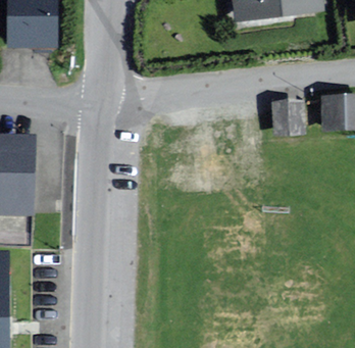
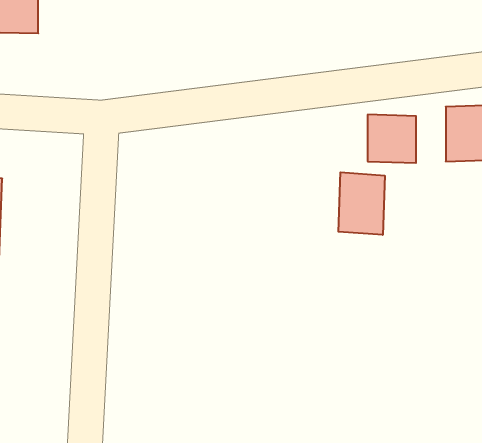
building: none -> [338,172,385,235]

